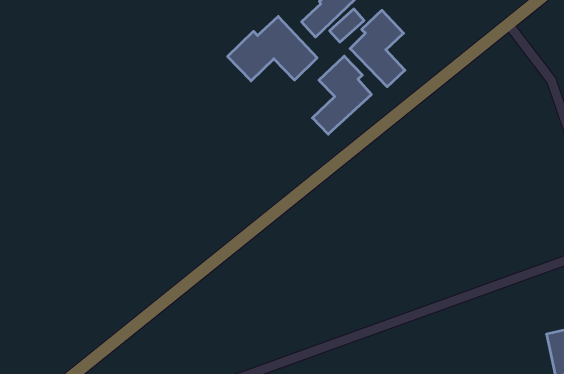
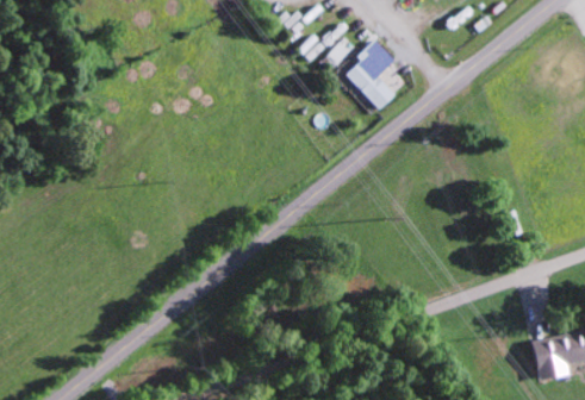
building: [228,16,317,81] -> none
building: [312,56,371,134] -> none

